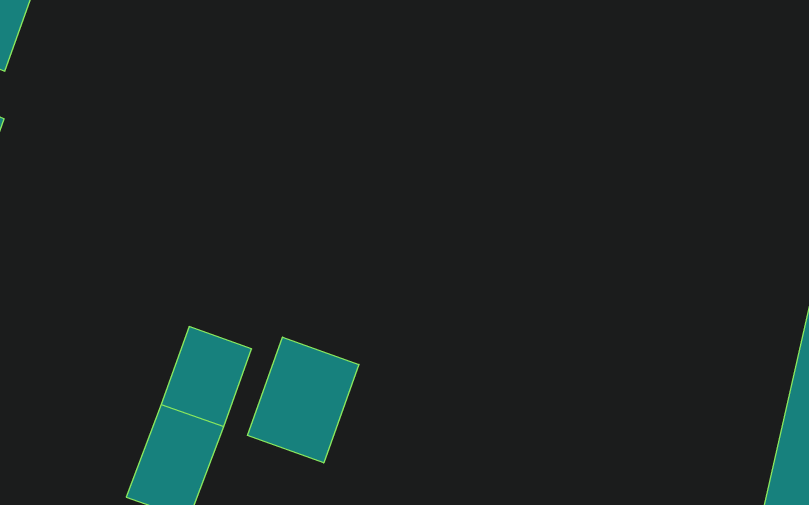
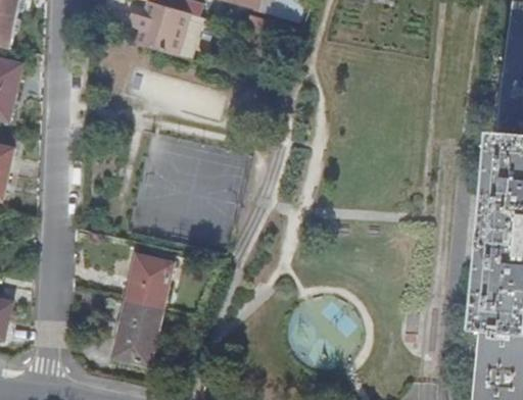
building: [247,337,359,463] -> none

